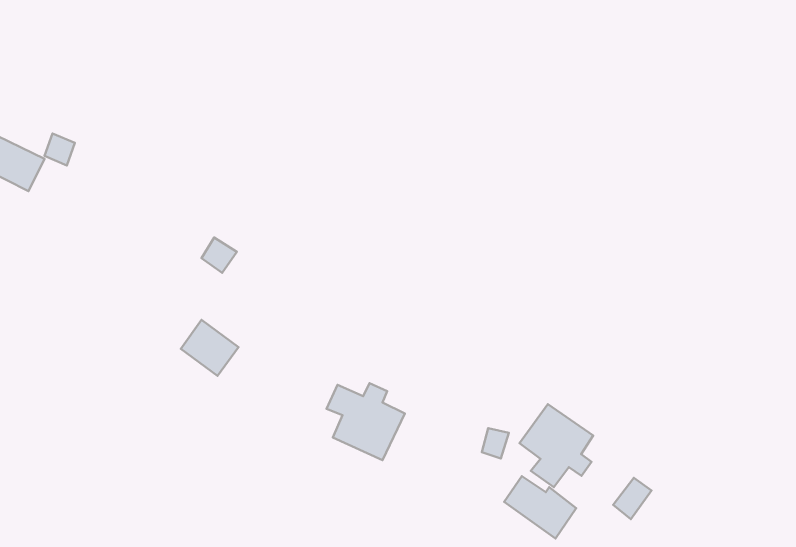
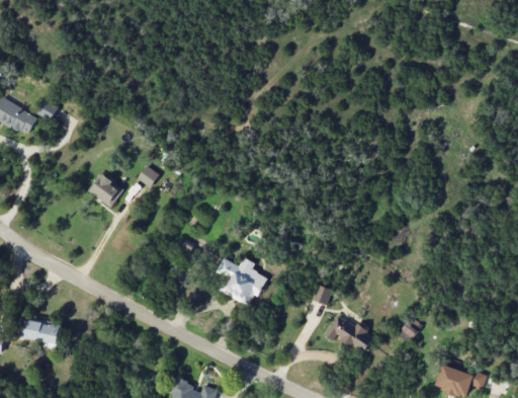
building: [181,320,238,376] -> [87,172,123,208]
building: [520,404,593,487] -> none
building: none -> [22,320,60,342]

